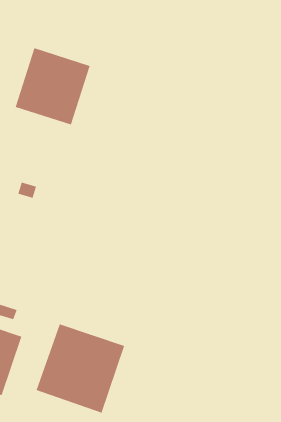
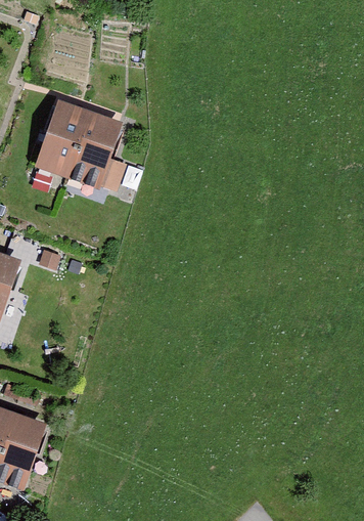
building: [36,323,125,413] -> none

